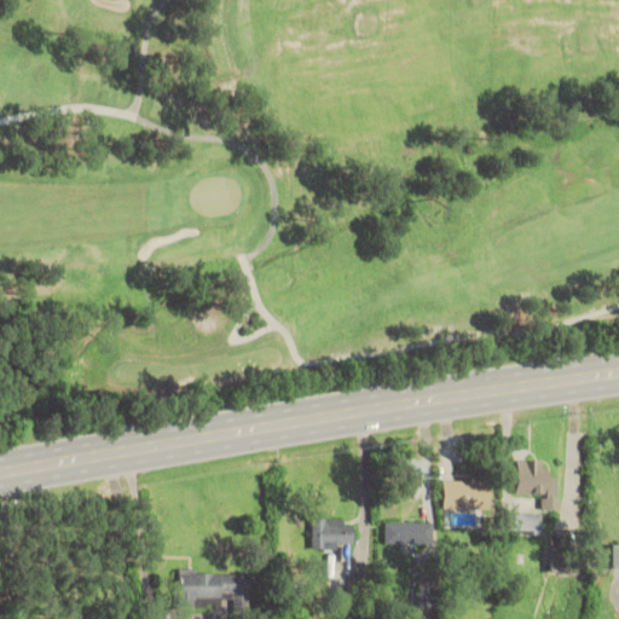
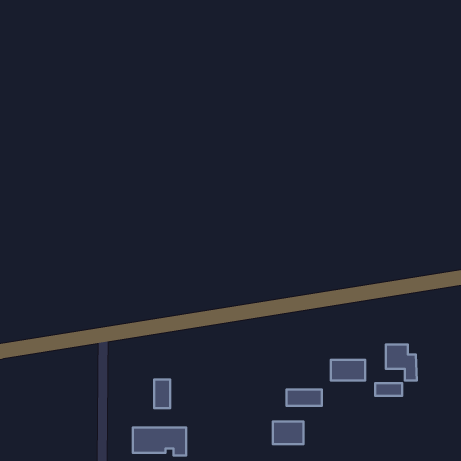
building: none -> [154,379,170,408]
building: [312,519,353,549] -> [273,422,304,444]

